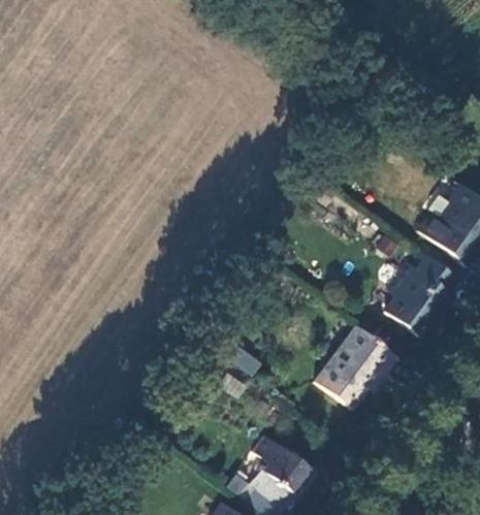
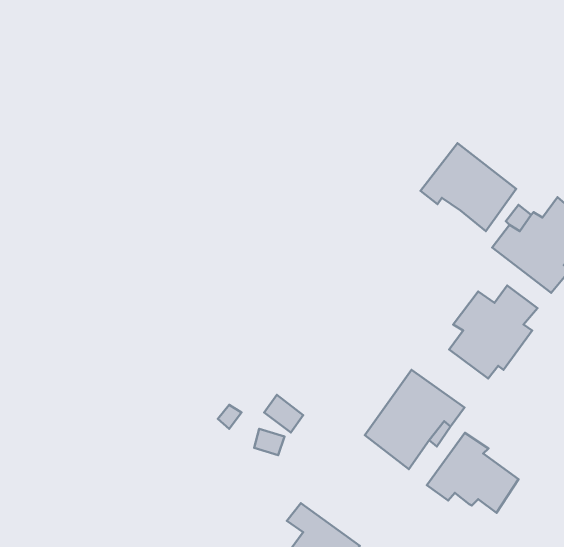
building: none -> [420,143,516,231]
building: none -> [427,433,518,513]

